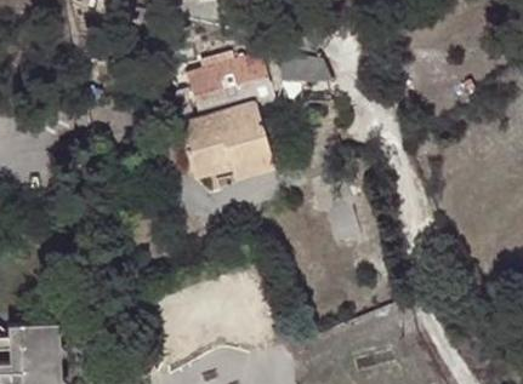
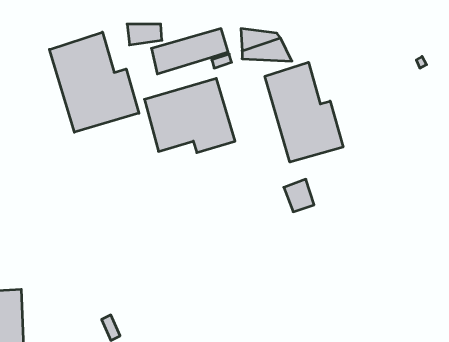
building: none -> [49,32,139,132]
building: none -> [265,62,343,162]

